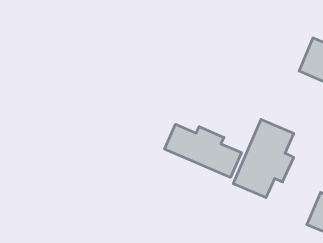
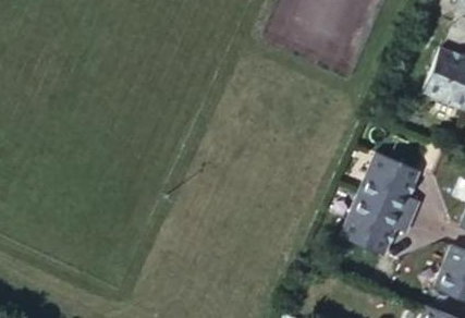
building: [165,124,241,177] -> none

